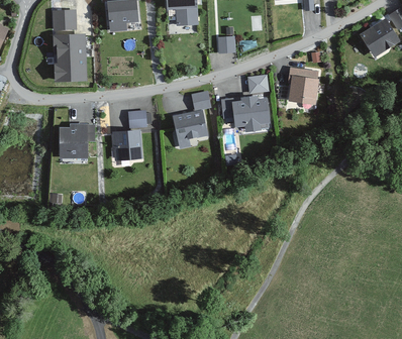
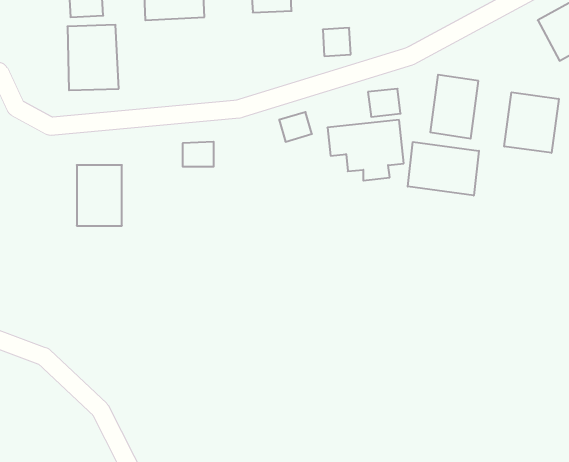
building: none -> [504,92,559,153]
building: none -> [408,142,479,196]
building: [170,110,207,142] -> none
building: [112,128,144,162] -> none

